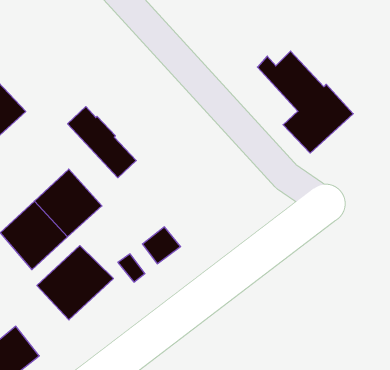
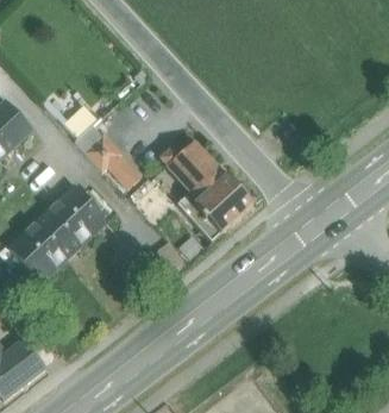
building: [257,51,353,153] -> [159,142,252,240]
building: [37,246,113,320] -> none

